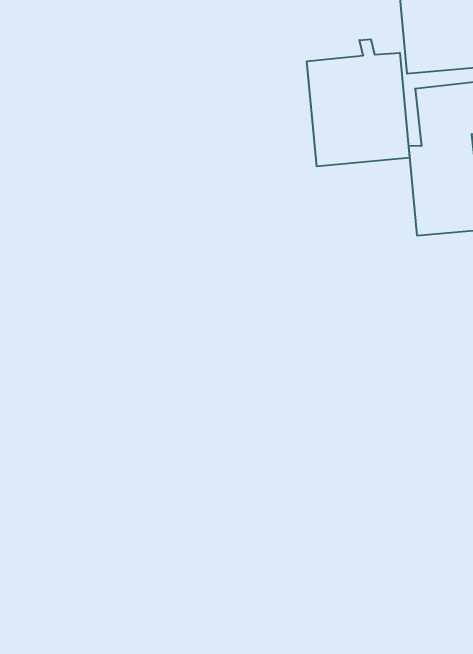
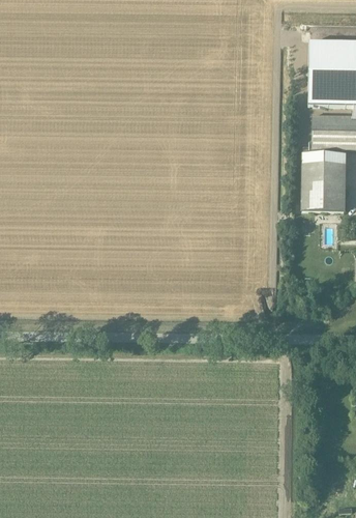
building: [307,39,410,166] -> none

